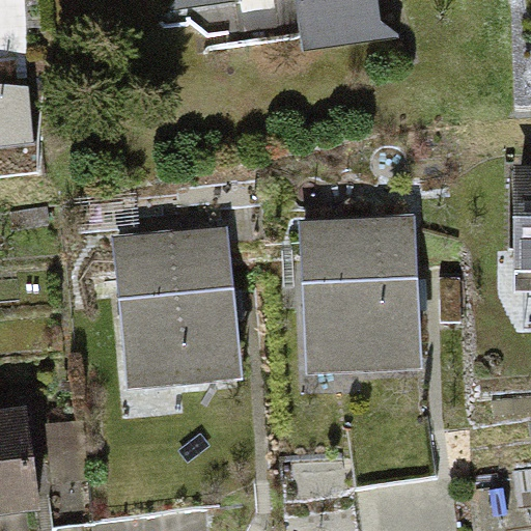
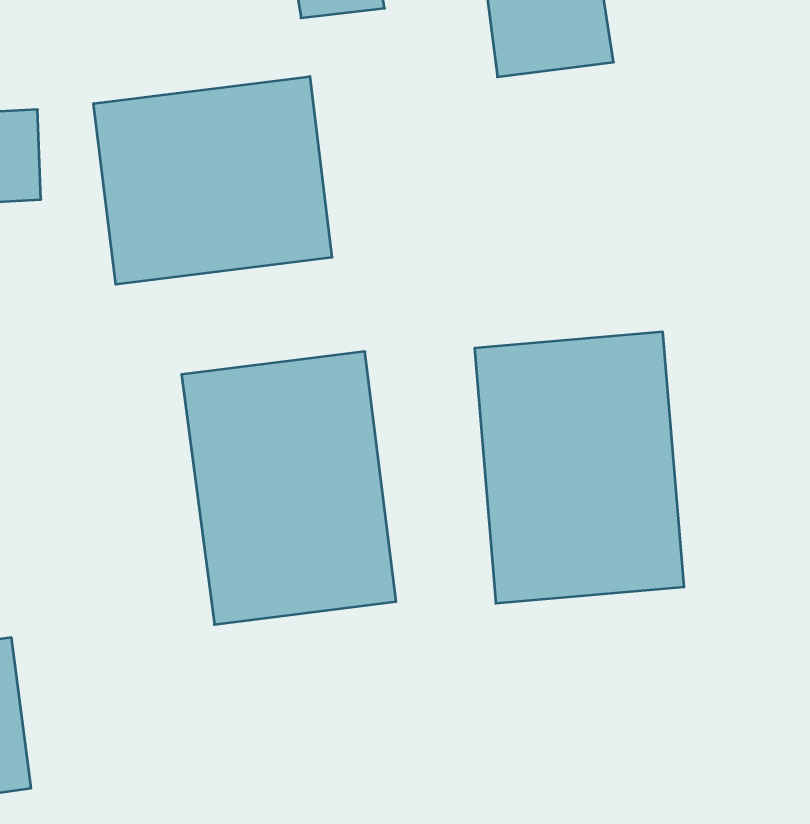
building: none -> [94,76,332,284]

